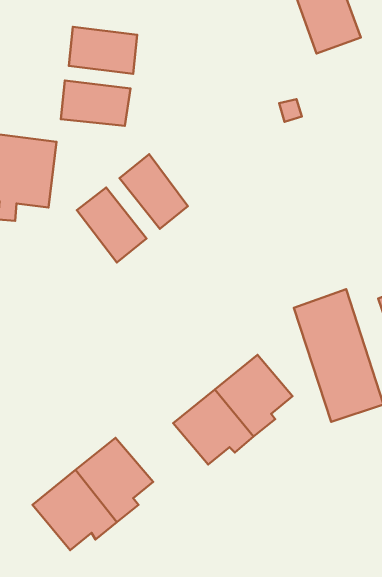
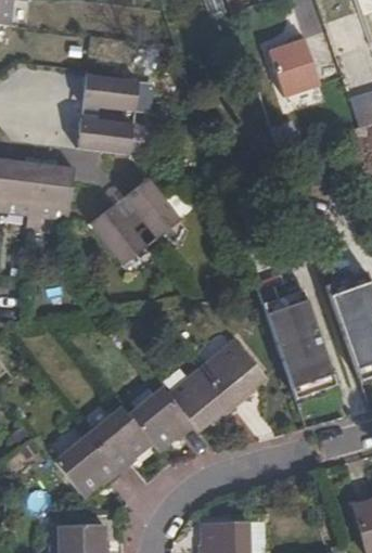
building: none -> [127,388,195,452]

